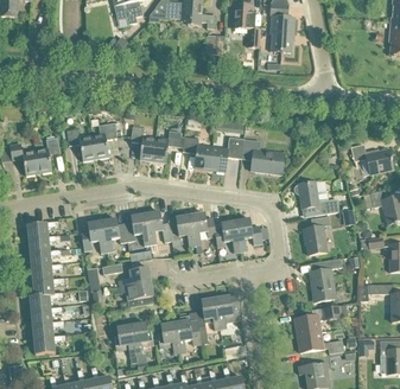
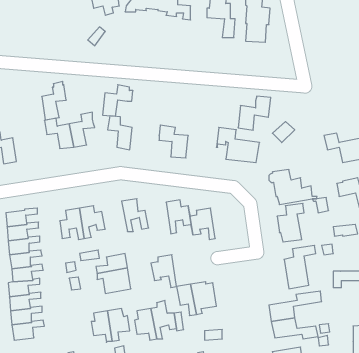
building: [153,129,184,161] -> [103,85,133,116]
building: [34,133,59,172] -> [42,81,66,120]
building: [210,136,243,171] -> [238,96,271,130]
building: [125,212,151,244] -> none
building: [169,213,195,247] -> [151,255,177,288]
building: [235,217,262,250] -> none

